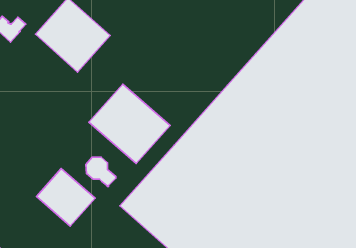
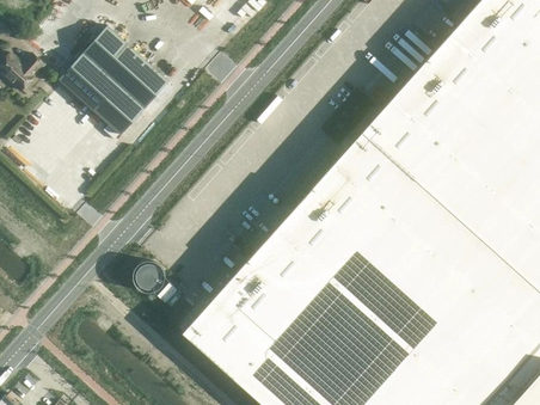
building: [89,84,170,163] -> none
building: [36,169,95,226] -> none

